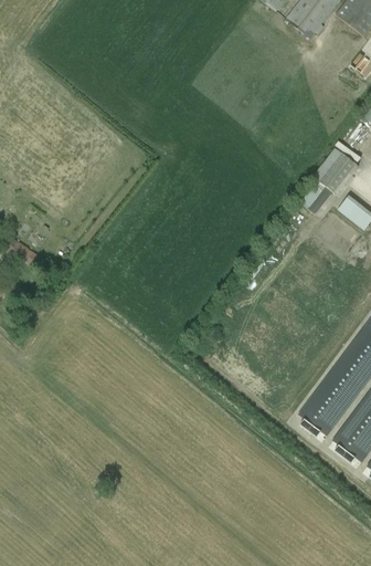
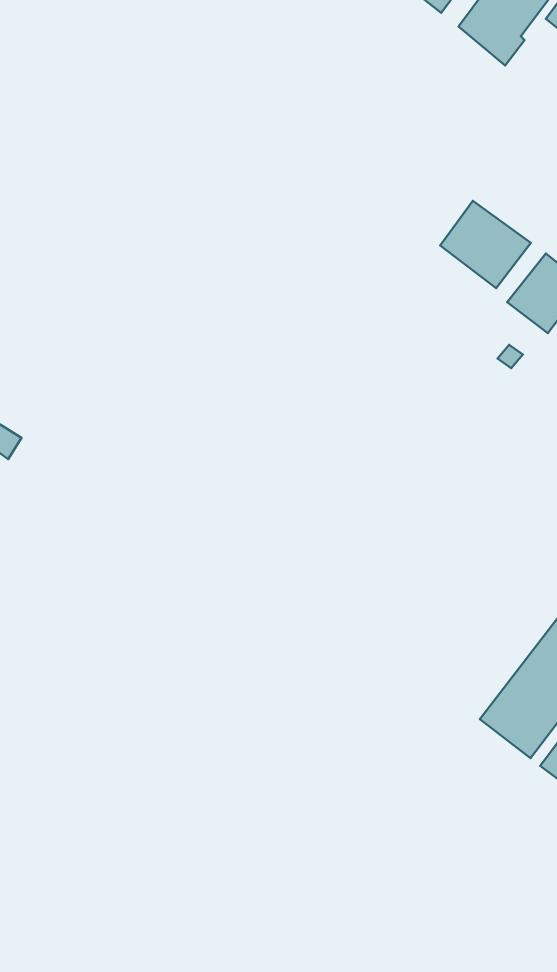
building: none -> [440,201,531,288]

